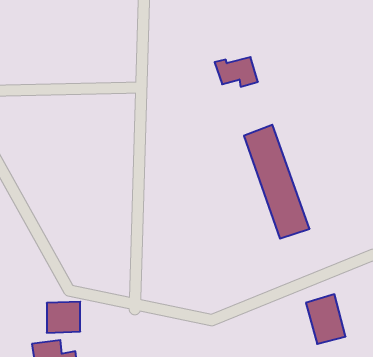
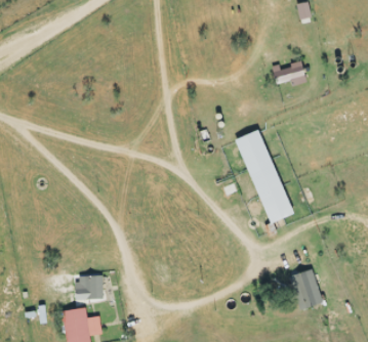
building: [215,57,258,87] -> [271,60,306,85]

